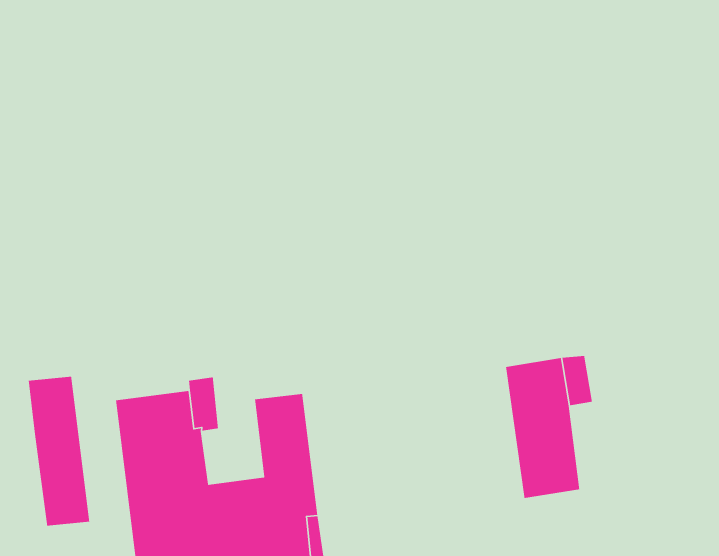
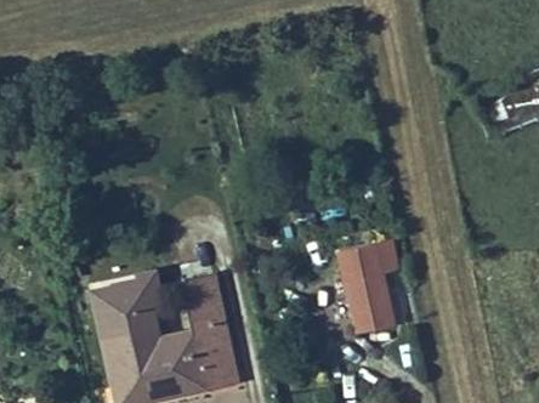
building: [28,376,90,527] -> none

